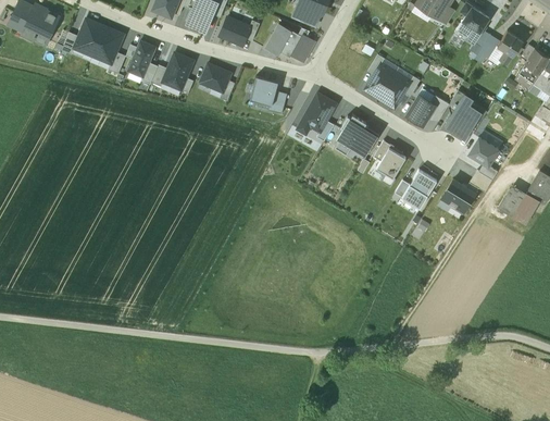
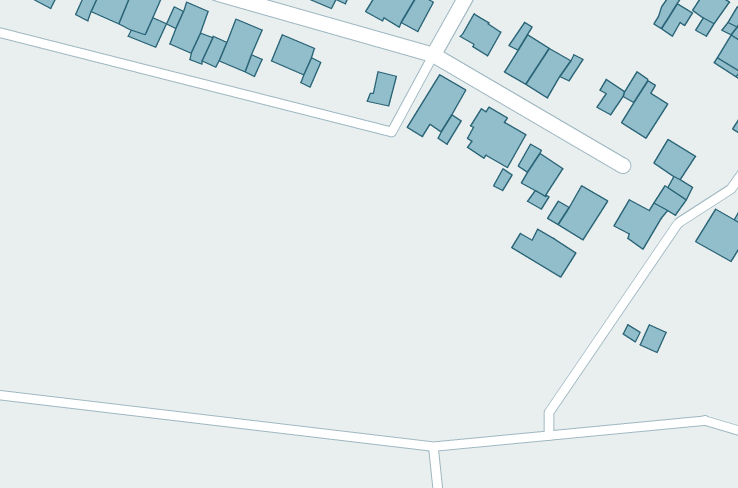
building: none -> [460,14,501,56]
building: [250,76,277,106] -> none
building: [407,96,436,126] -> none
building: none -> [512,229,576,277]

